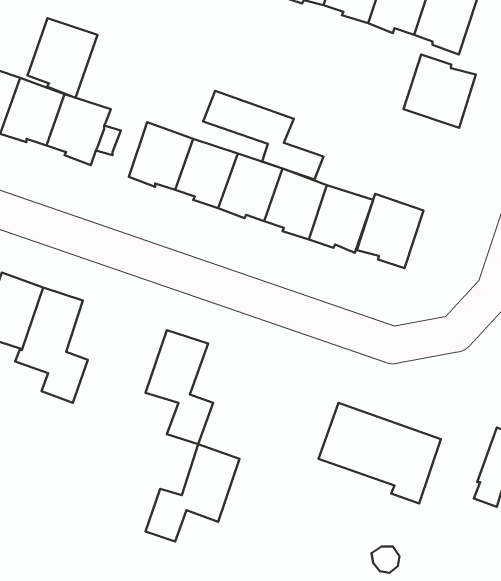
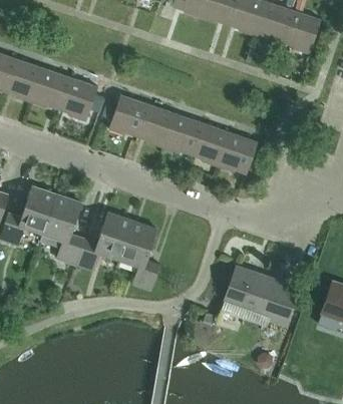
building: [27,18,98,98] -> none
building: [403,55,476,128] -> none
building: [203,91,324,180] -> none
building: [357,194,424,268] -> none
building: [145,444,239,541] -> [75,212,132,271]

